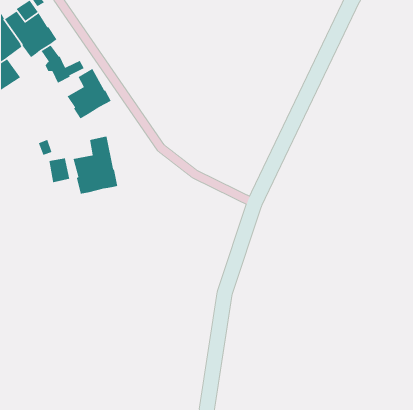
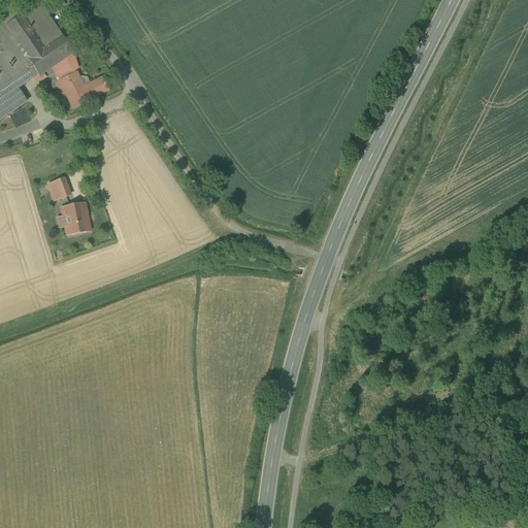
building: [66,68,112,119] -> none
building: [72,136,118,194] -> none

